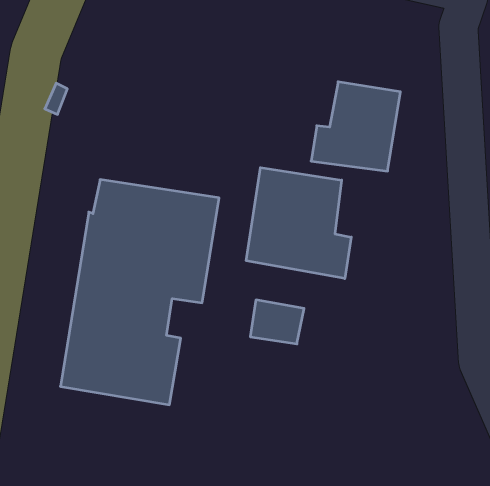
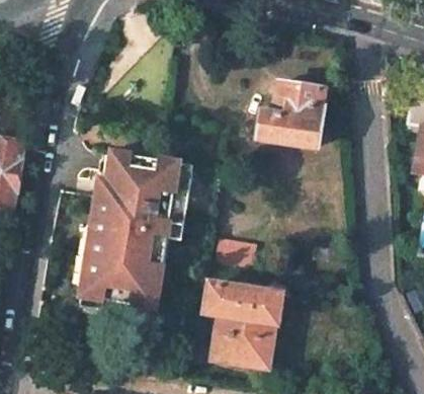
building: [246,168,351,279] -> none
building: none -> [205,283,278,367]

